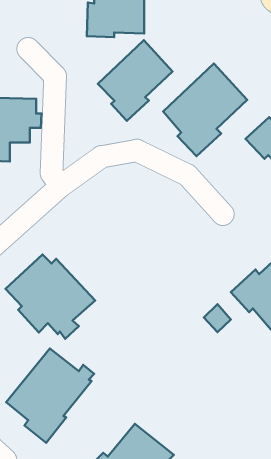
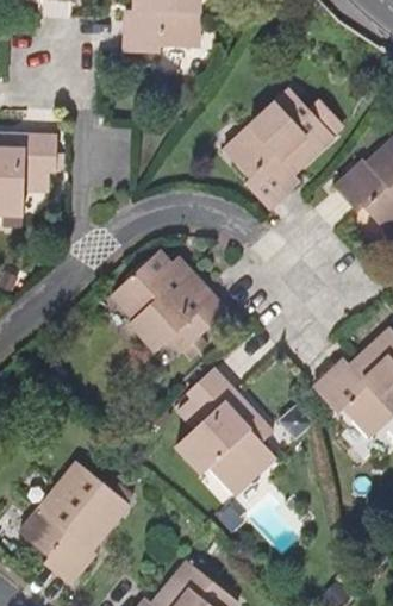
building: [98,40,173,121] -> none
building: [5,254,95,339] -> [111,249,229,360]
building: none -> [175,366,276,495]

